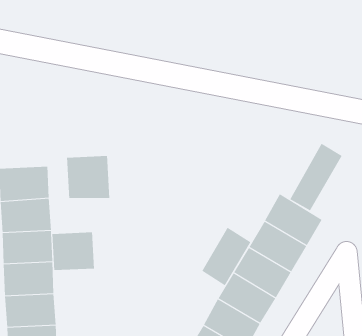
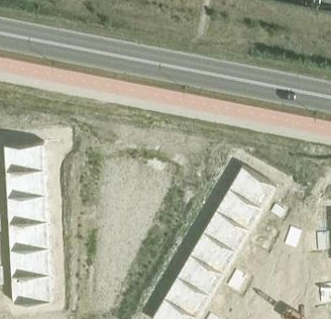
building: [289,143,342,211] -> none
building: [66,155,110,199] -> none
building: [201,227,251,286] -> none
building: [52,232,94,271] -> none

